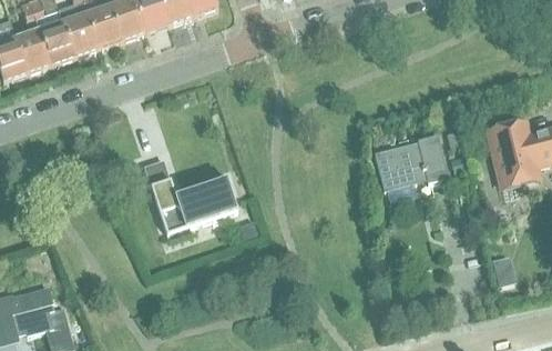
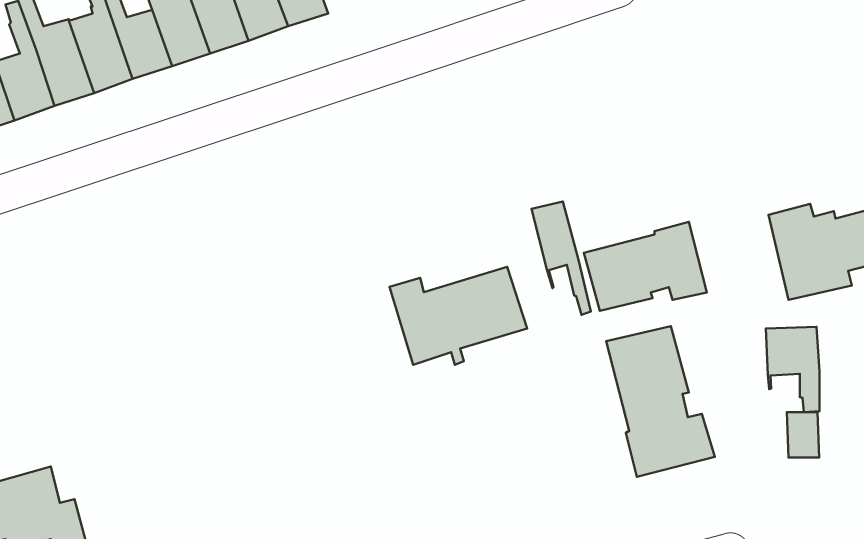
building: none -> [531,202,591,315]
building: [151,174,235,234] -> [390,267,527,365]
building: none -> [606,326,715,477]
building: none -> [766,327,820,412]

